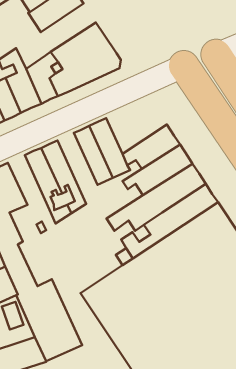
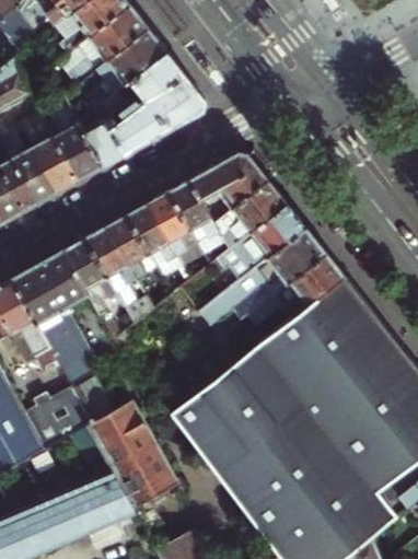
building: none -> [83,30,164,103]
building: none -> [188,152,269,225]
building: none -> [126,202,184,281]
building: none -> [62,237,123,318]

